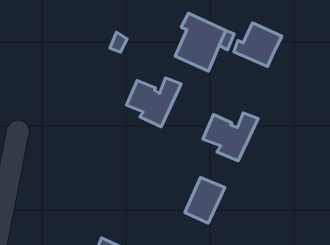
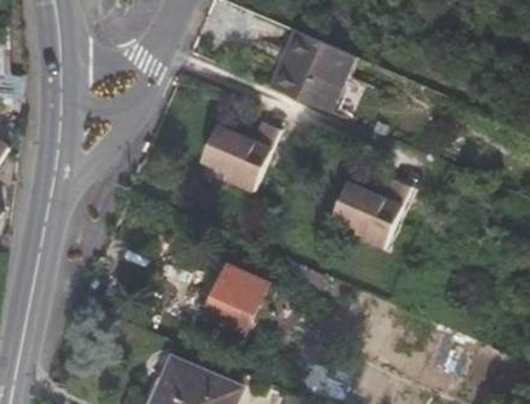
building: [234,23,282,67] -> none
building: [185,178,225,223] -> [212,269,270,336]

